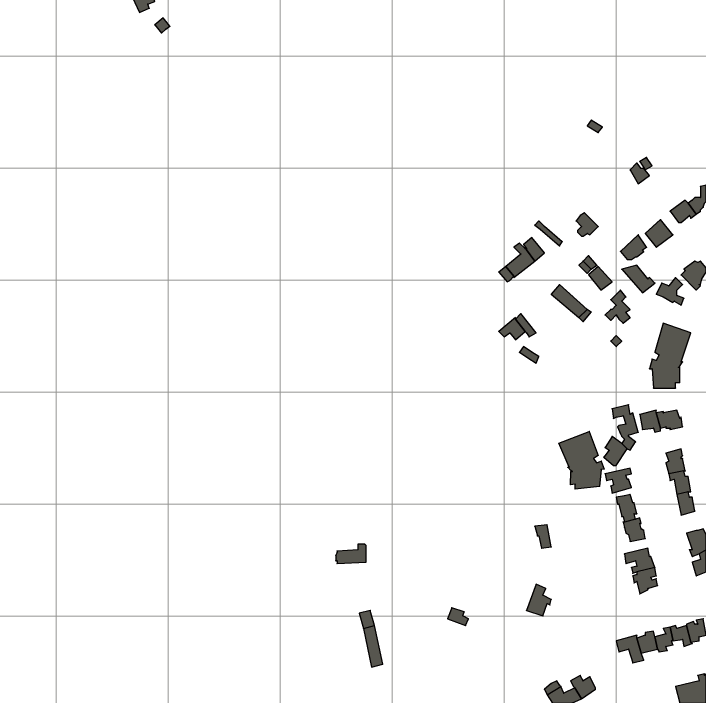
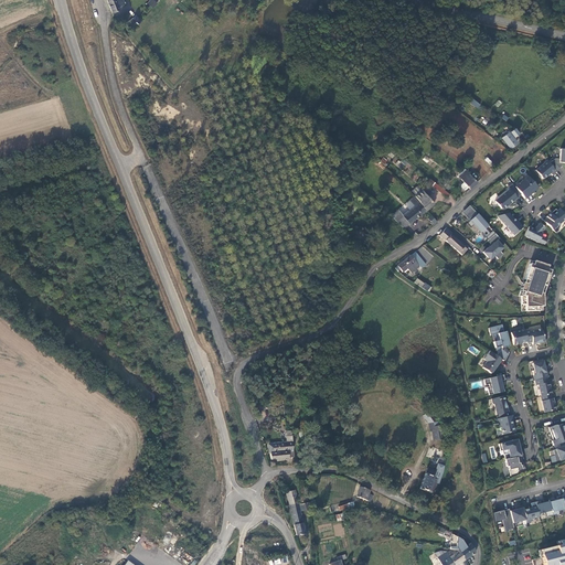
building: [559,431,604,489] -> none

